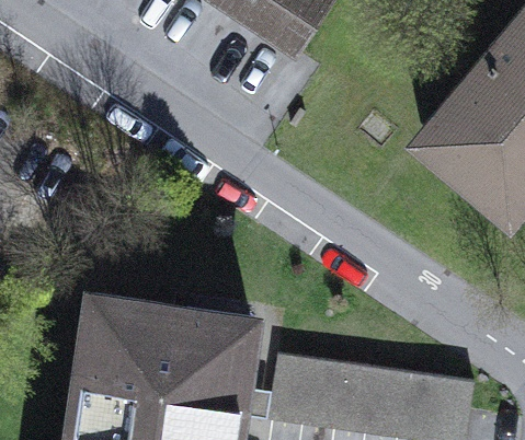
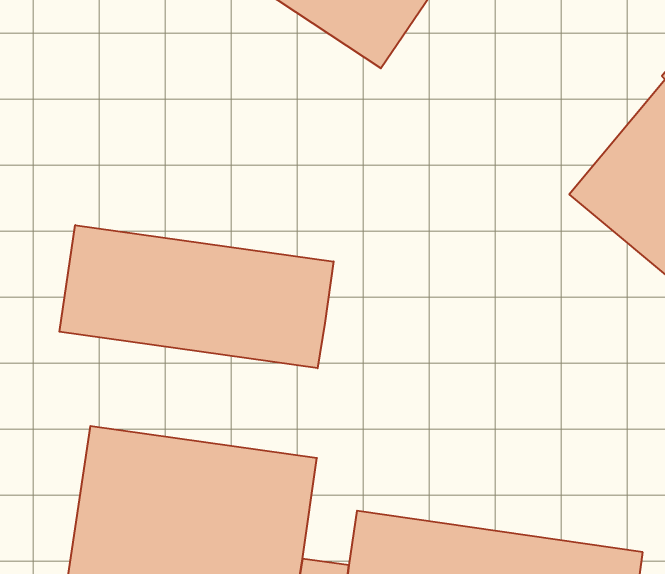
building: none -> [59,225,334,368]

